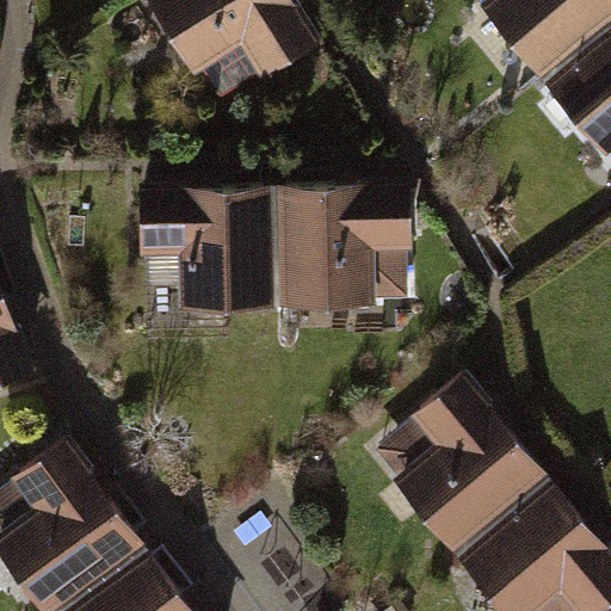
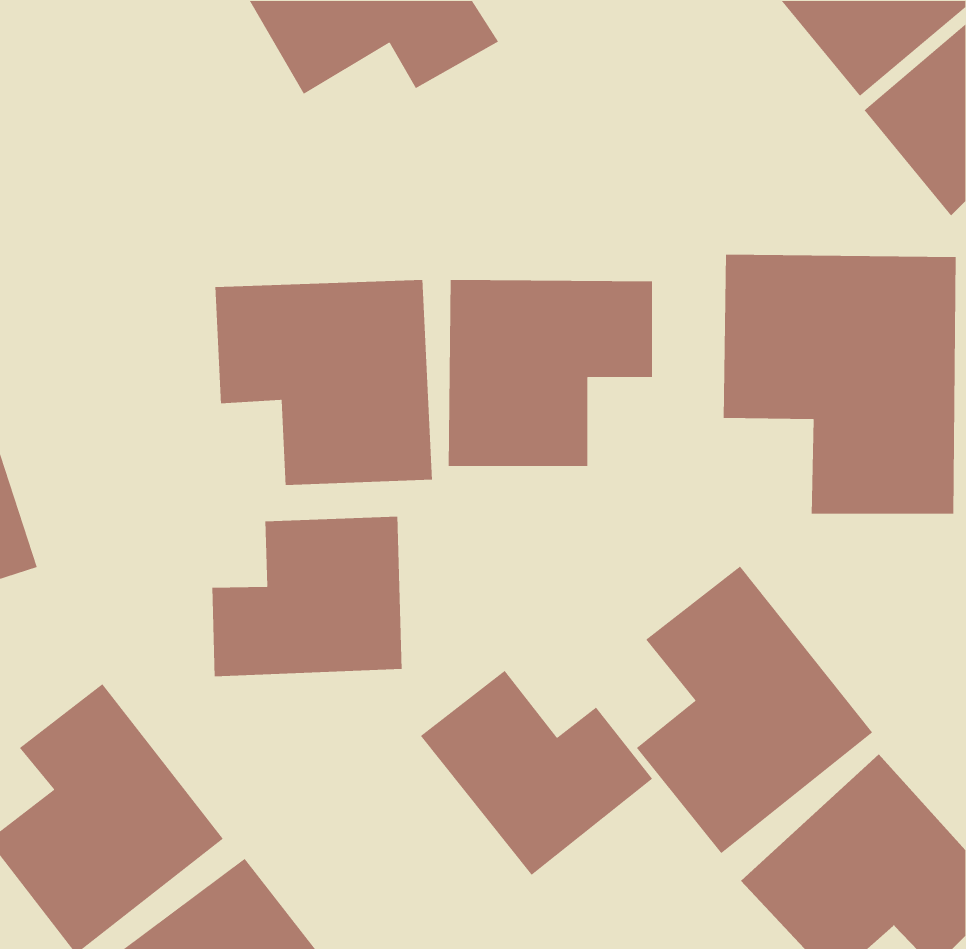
building: none -> [723,254,957,514]
building: none -> [211,516,403,677]
building: none -> [420,670,653,876]

